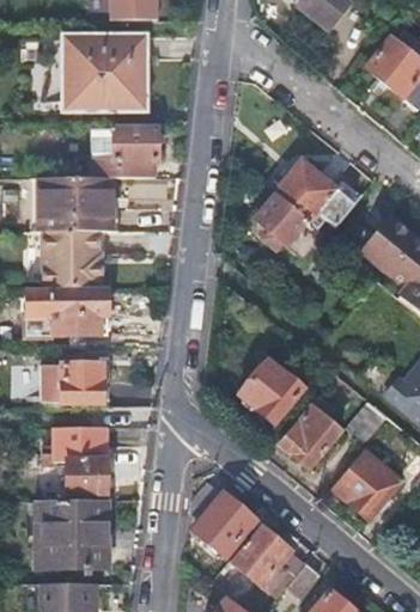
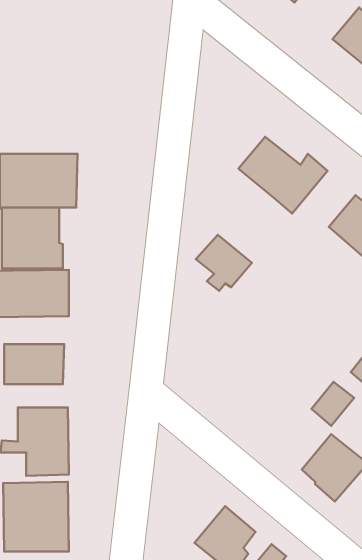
building: [65,36,146,110] -> none
building: [95,128,159,178] -> none
building: [254,194,309,249] -> [196,235,252,291]
building: [238,360,302,423] -> none
building: [280,409,339,469] -> none
building: [190,482,255,556] -> none

